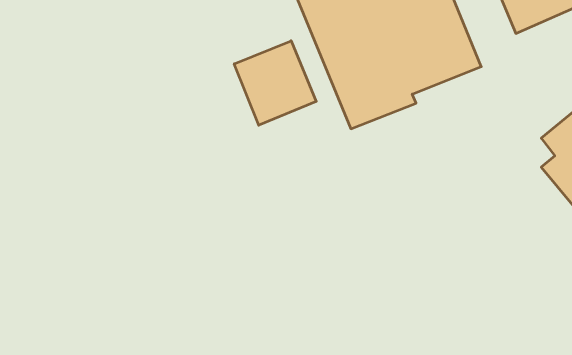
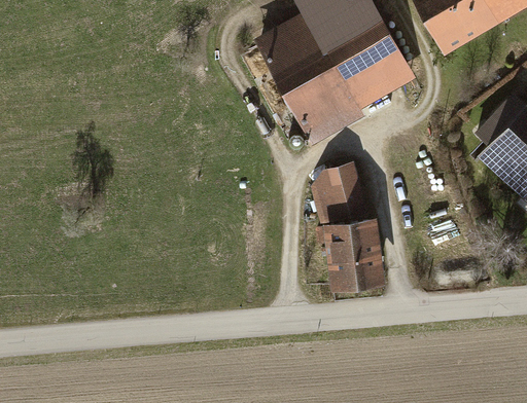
building: [234,41,316,125] -> none
building: none -> [310,161,386,293]

